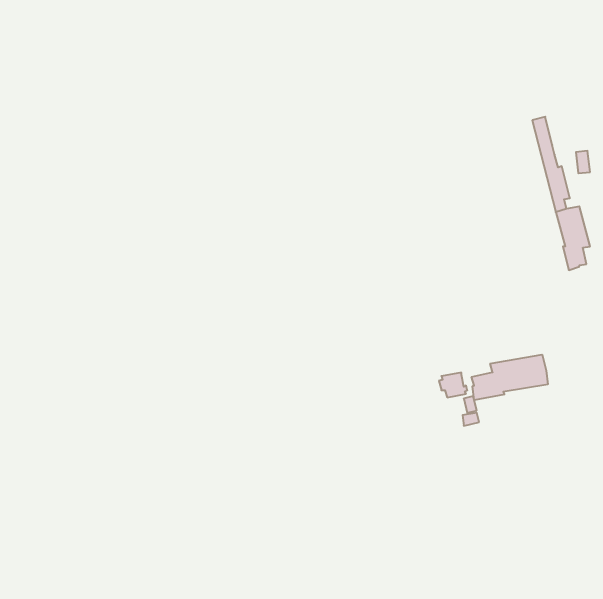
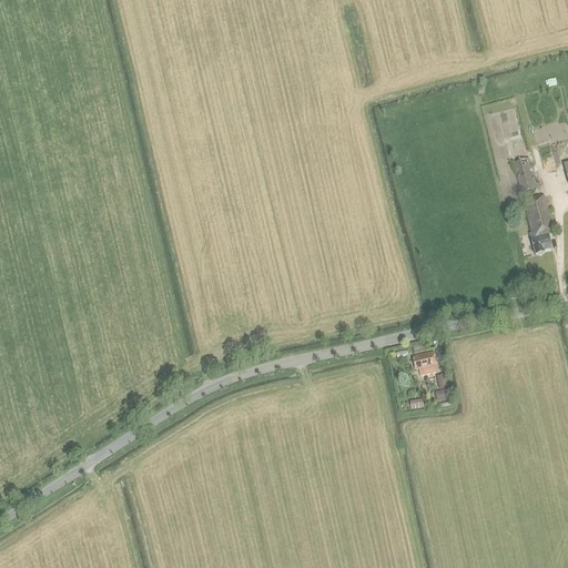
building: [472,355,548,400] -> none

